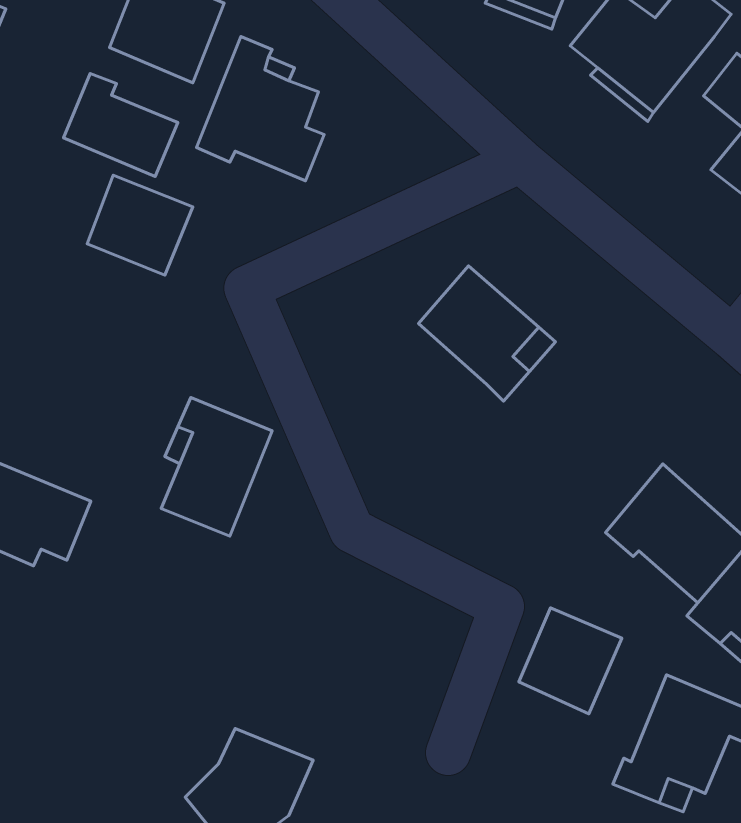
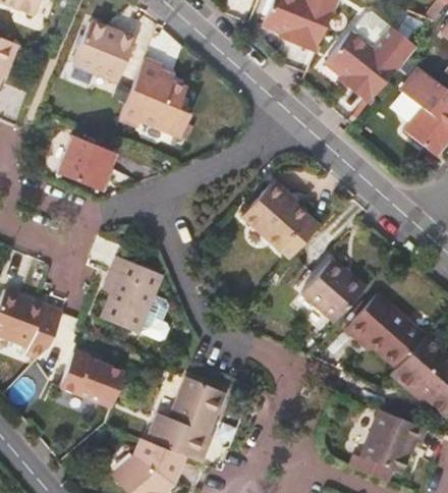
building: [63,73,178,176] -> none
building: none -> [301,259,365,322]
building: none -> [61,349,126,407]
building: [519,608,622,714] -> none
building: none -> [142,376,225,462]

